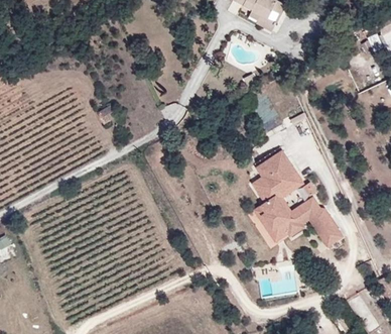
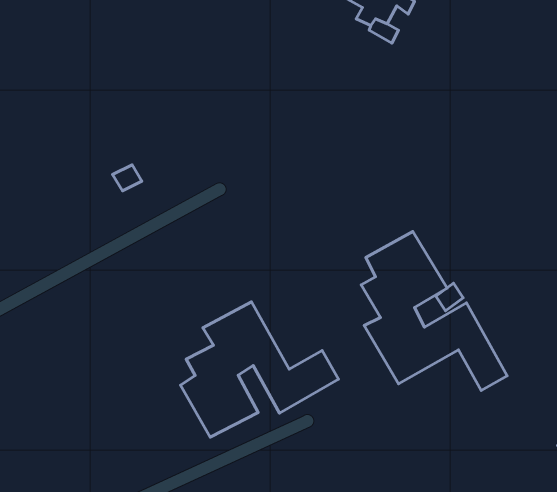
building: none -> [180,302,339,437]

